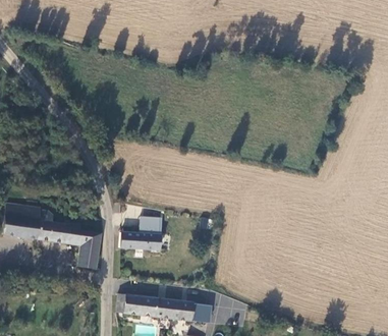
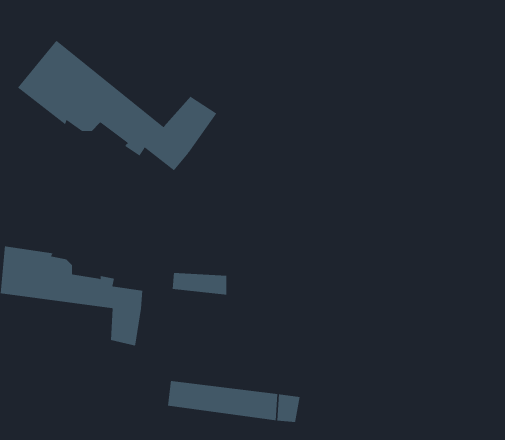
building: none -> [17,40,217,171]
building: [120,231,158,250] -> none

